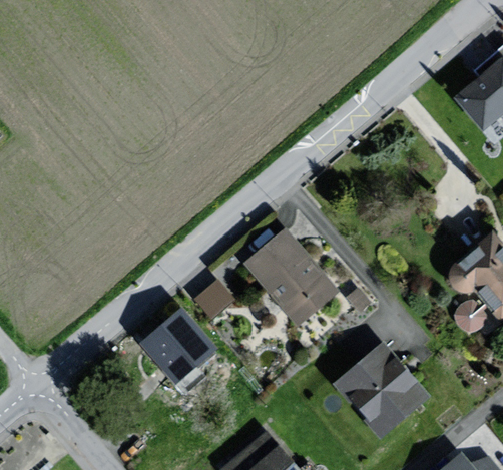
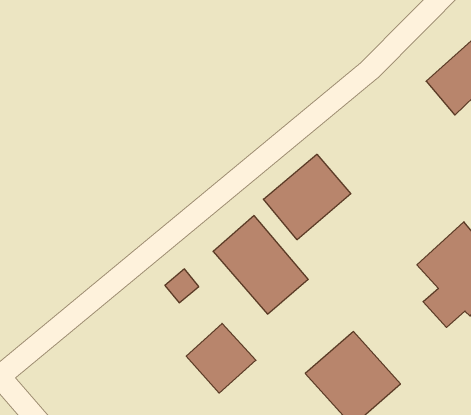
building: none -> [263,154,351,240]
building: [146,310,214,378] -> [186,323,256,393]

